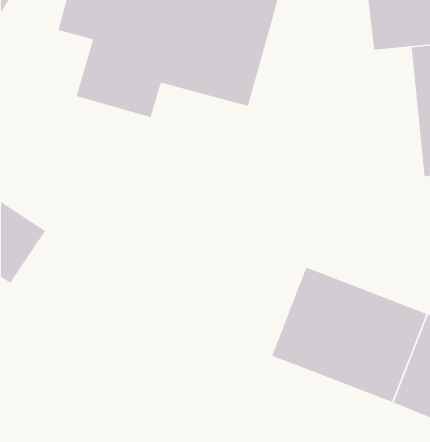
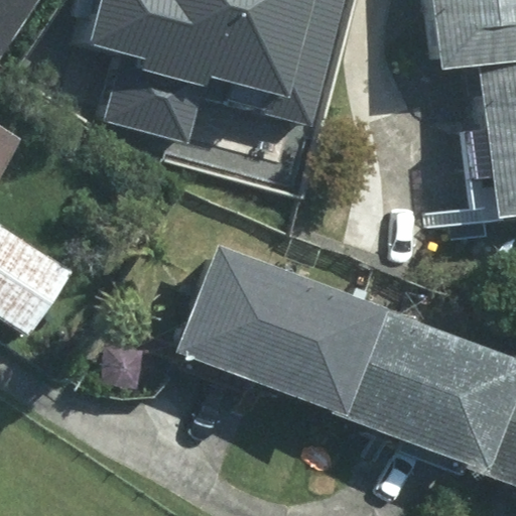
building: none -> [169,247,371,413]

